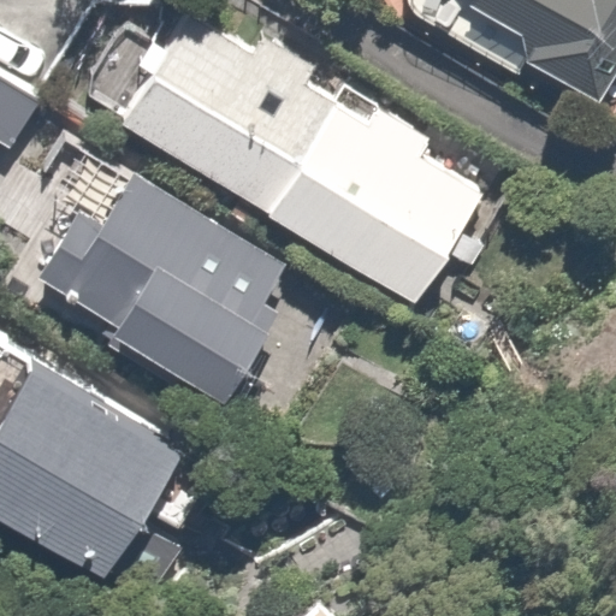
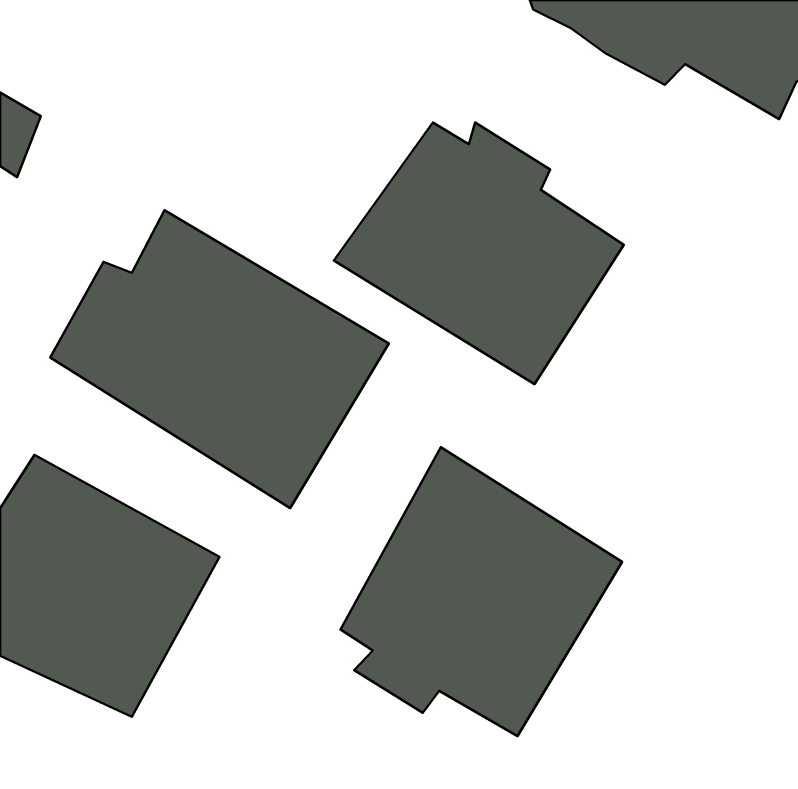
building: [118,14,334,209] -> none
building: none -> [341,447,622,736]

